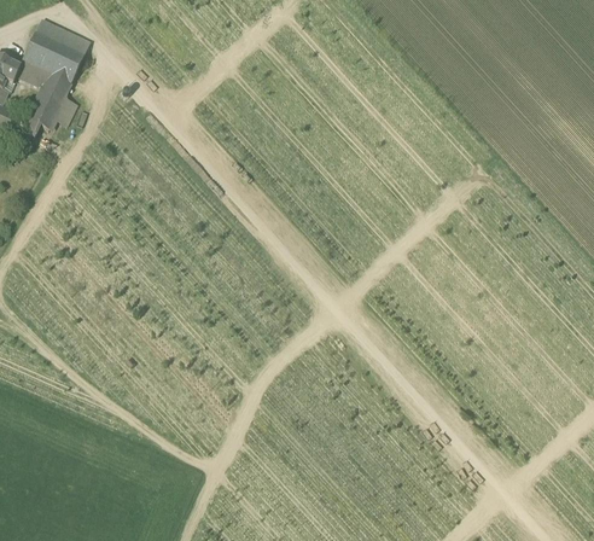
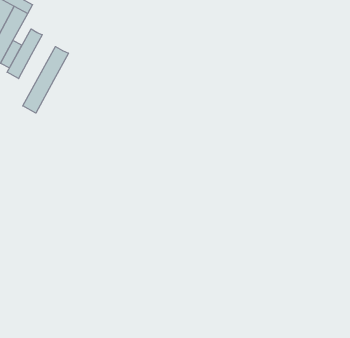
building: none -> [7,29,42,79]
building: none -> [23,47,68,113]

